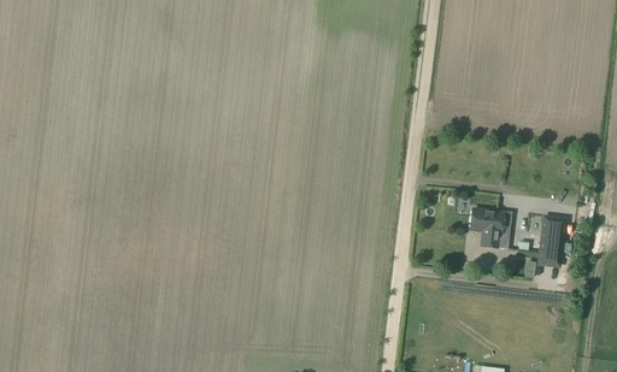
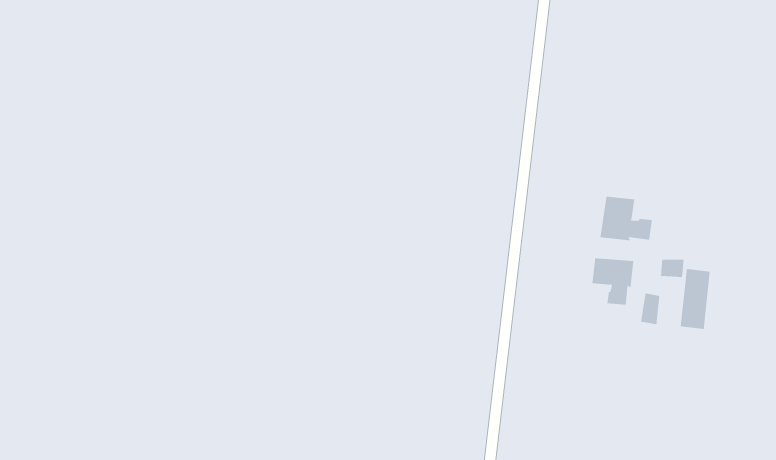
building: none -> [600,196,653,241]

